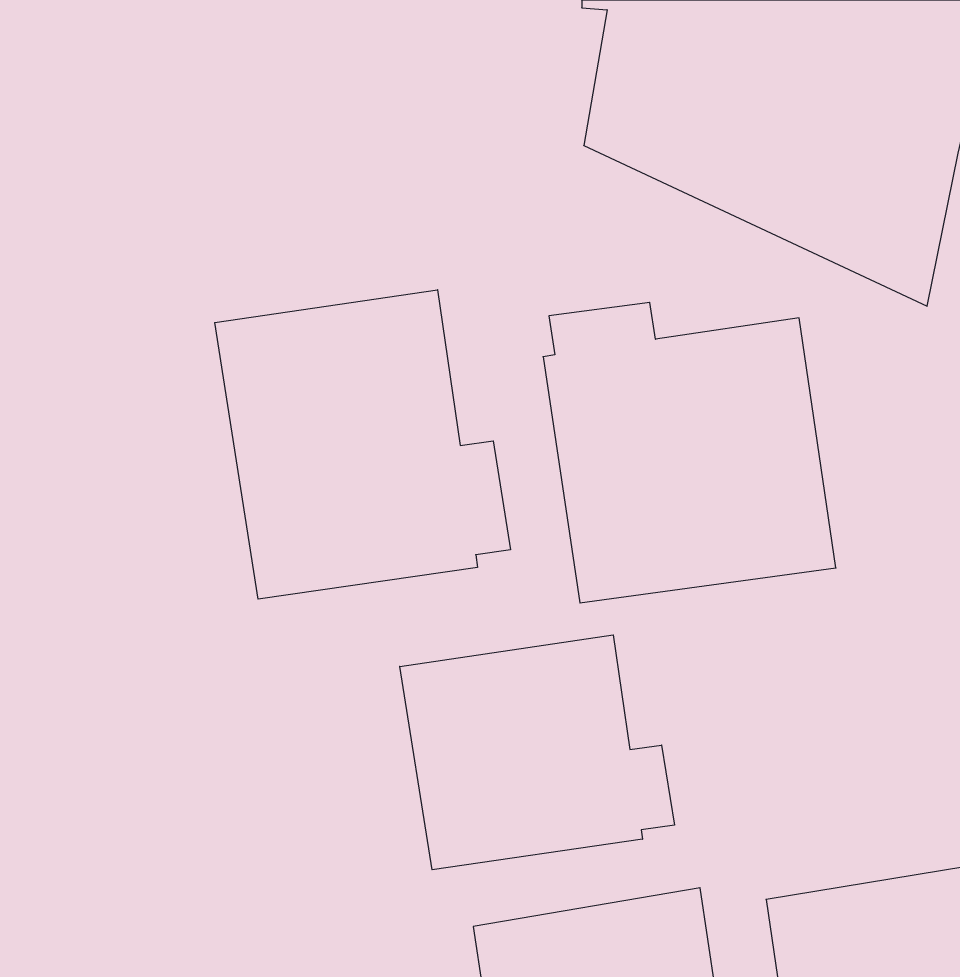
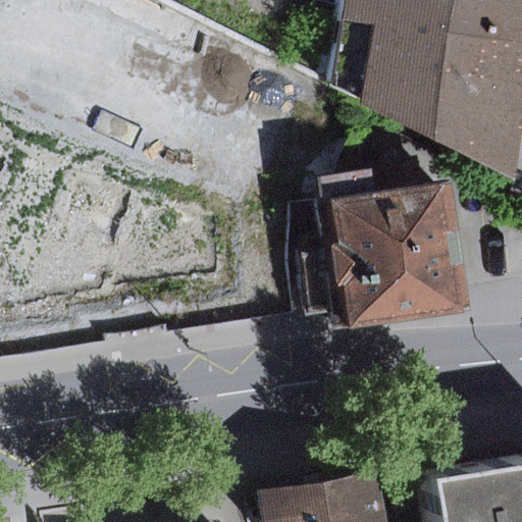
building: [215,290,510,599] -> none
building: [400,635,674,870] -> none

